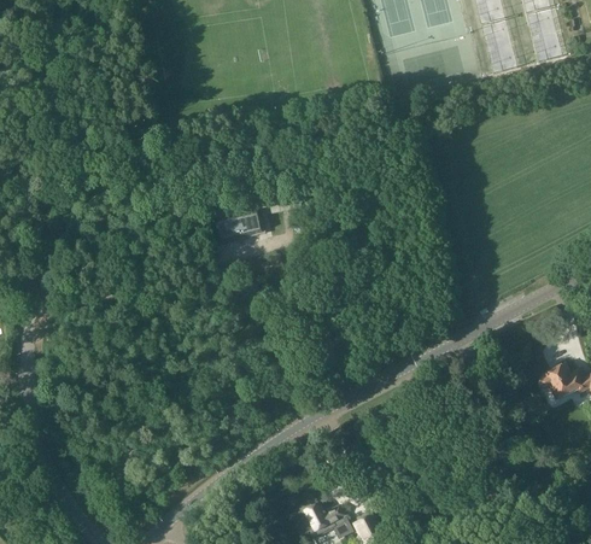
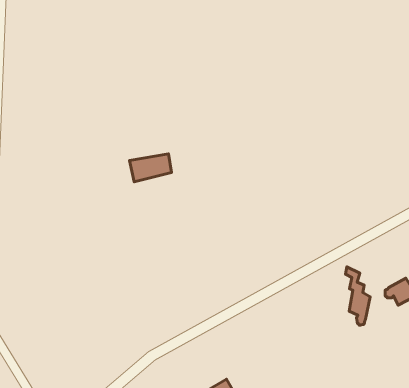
building: none -> [346,267,370,325]

